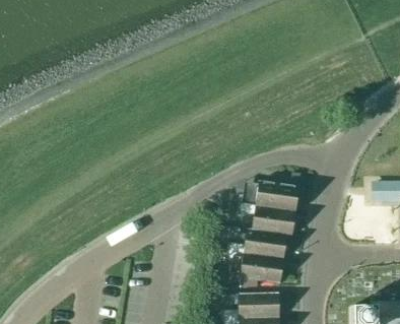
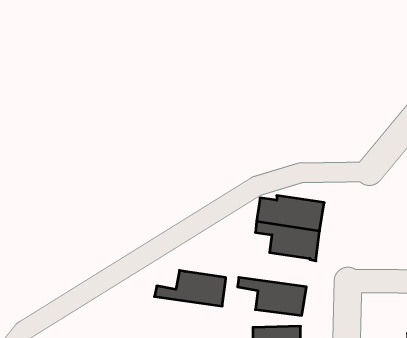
building: [226,229,287,259] -> [154,270,226,306]

